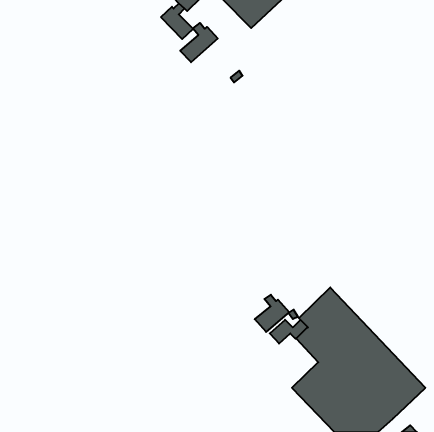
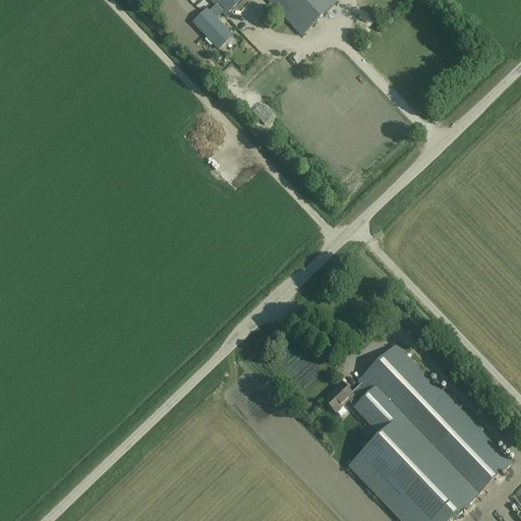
building: [180,23,218,62] -> none
building: [255,295,289,332] -> none

